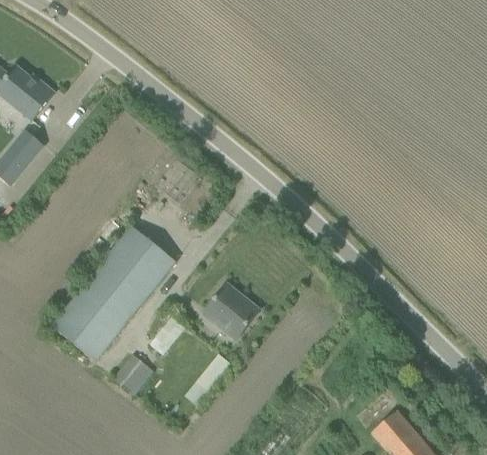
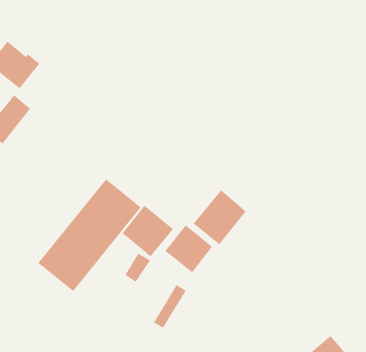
building: none -> [193,190,246,245]
building: none -> [122,205,174,257]
building: [113,354,149,391] -> none

